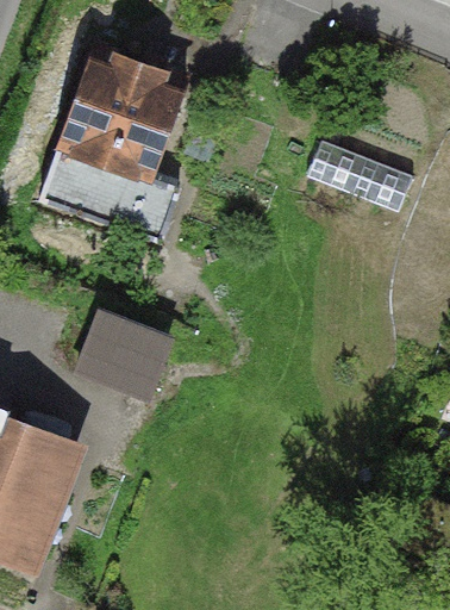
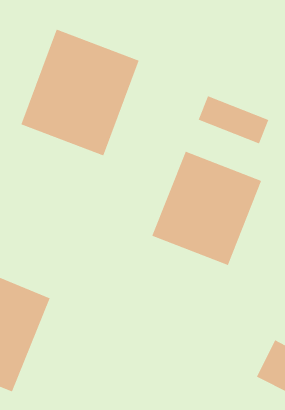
building: none -> [152,151,262,266]
building: [68,304,175,402] -> none

